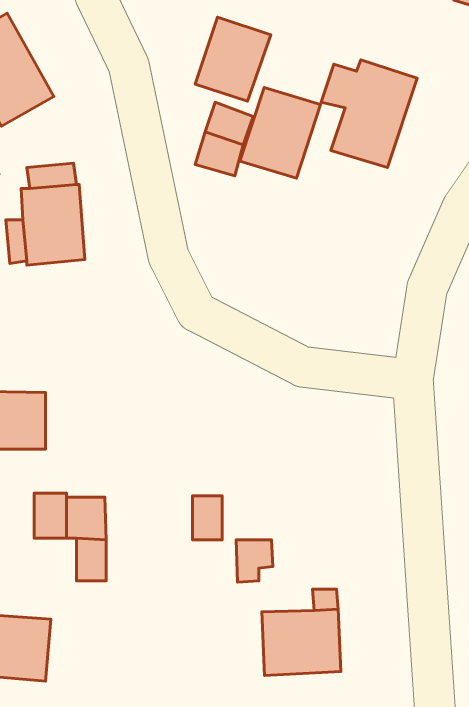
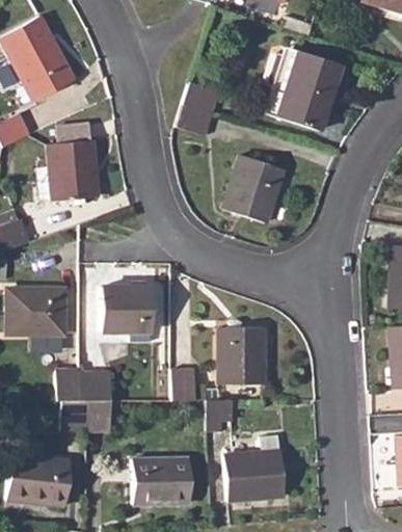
building: [195,17,271,101] -> none
building: [240,88,321,178] -> [222,153,282,219]
building: none -> [102,286,150,330]
building: none -> [218,326,263,383]
building: none -> [61,400,88,431]
building: none -> [128,458,189,506]

